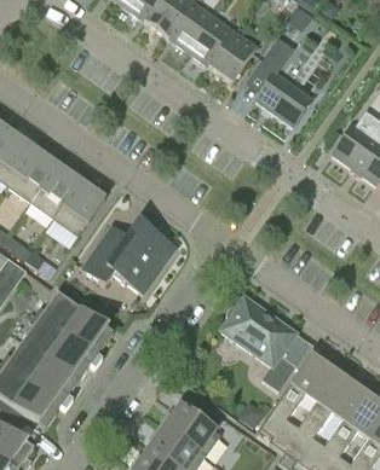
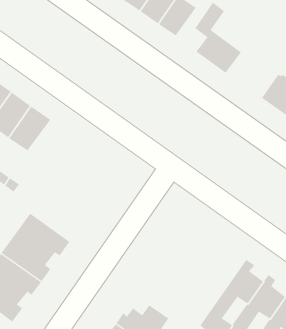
building: [54,181,105,236] -> none
building: [82,222,175,294] -> none
building: [221,297,295,391] -> none

